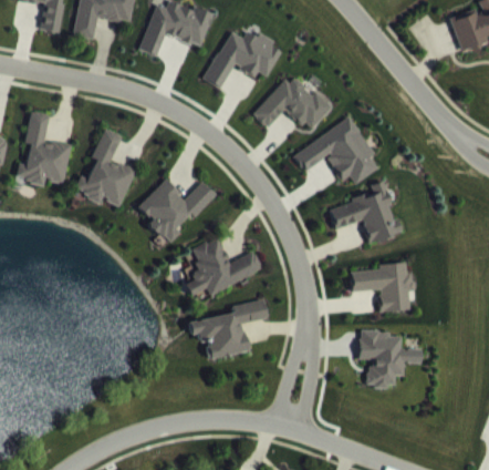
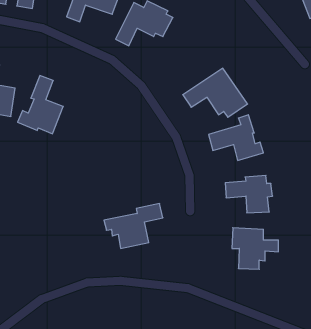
building: [252,75,331,131] -> none
building: [138,180,216,244] -> none
building: [185,237,262,296] -> none

